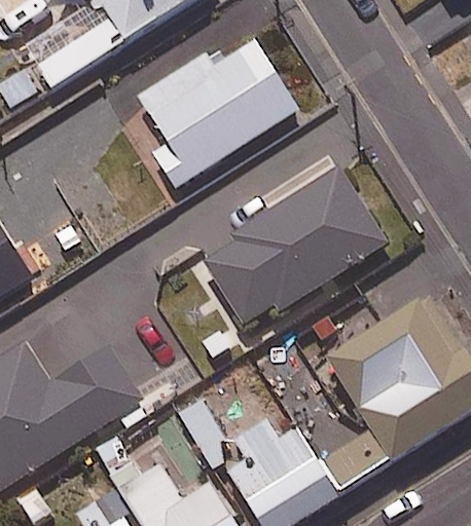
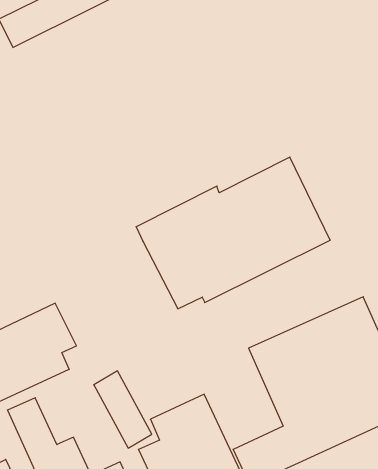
building: [139,41,297,188] -> none

